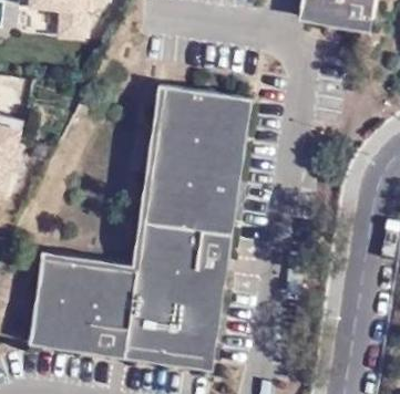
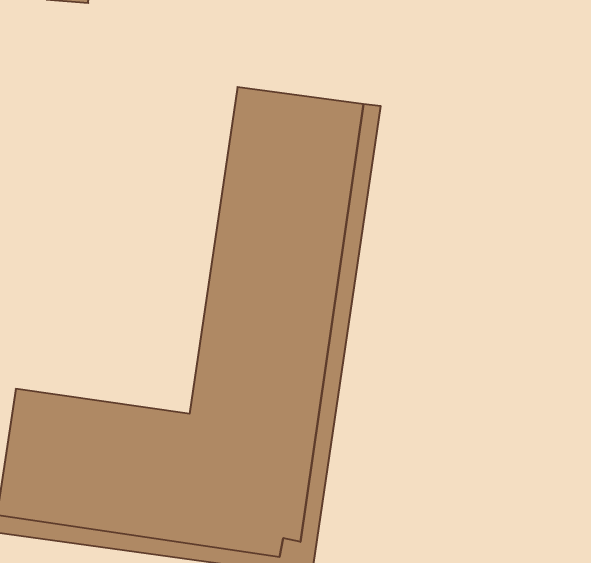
building: [40,85,168,277] -> none

